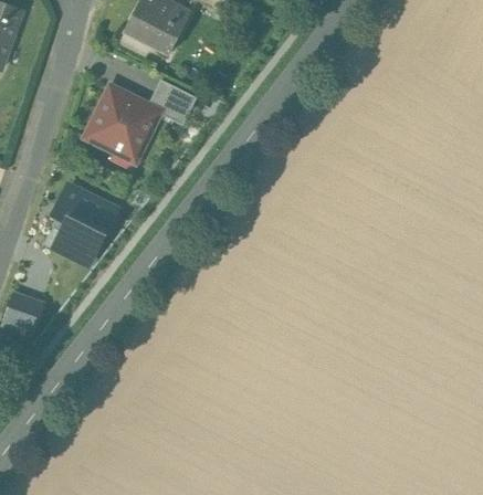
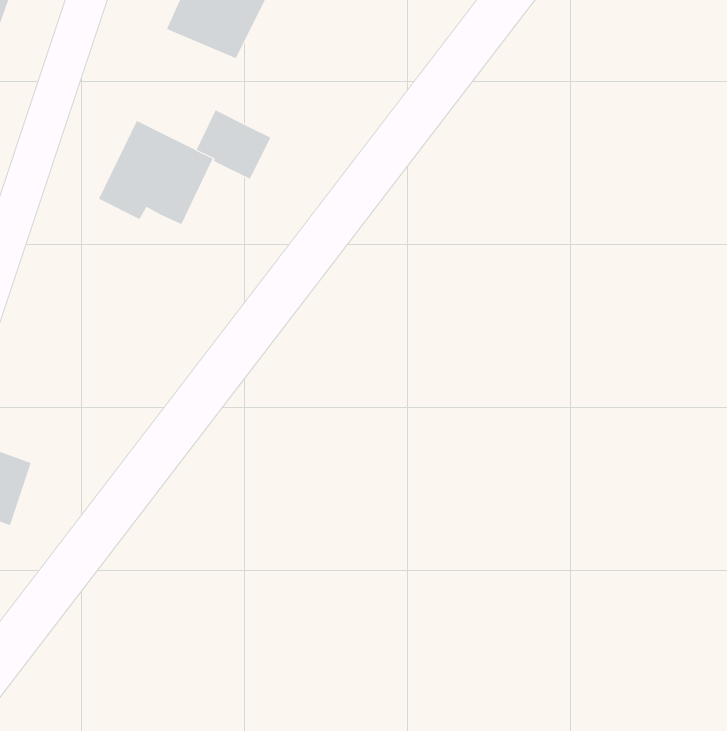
building: [48,183,117,268] -> none

